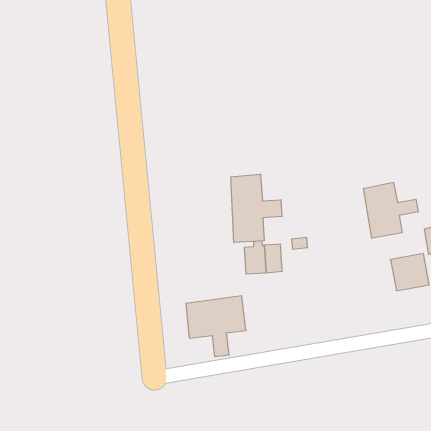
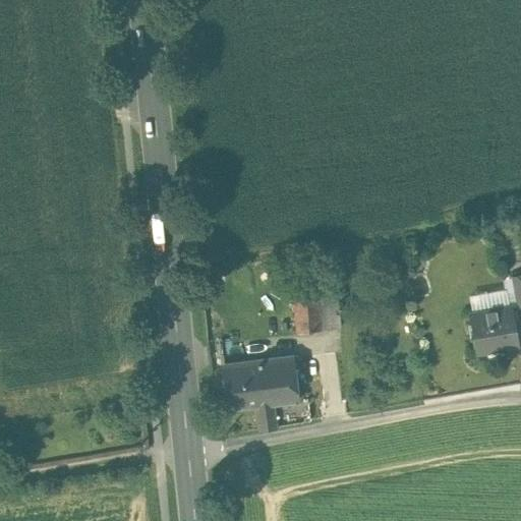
building: [231,174,282,243] -> none
building: [364,182,418,238] -> none

